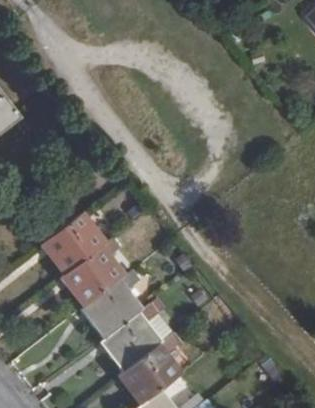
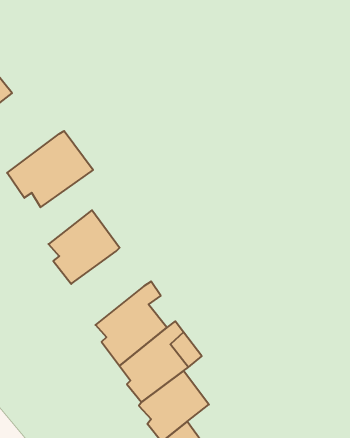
building: none -> [7,131,93,207]
building: [66,250,126,311] -> none

